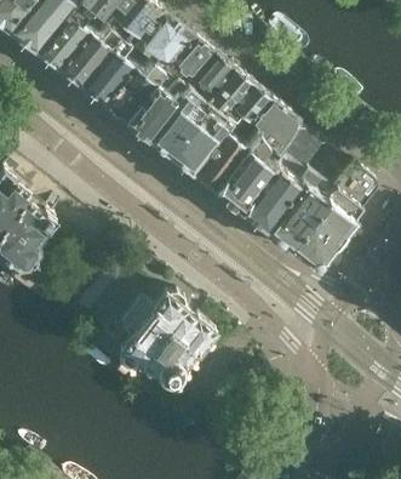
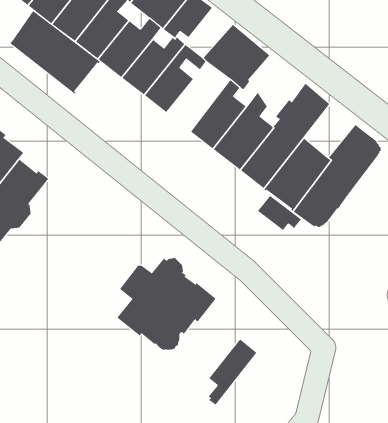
building: [185,53,231,102] -> none
building: none -> [9,10,100,94]
building: [247,99,294,159] -> none
building: [167,106,229,173] -> none
building: none -> [257,194,302,231]
building: none -> [208,338,257,405]

